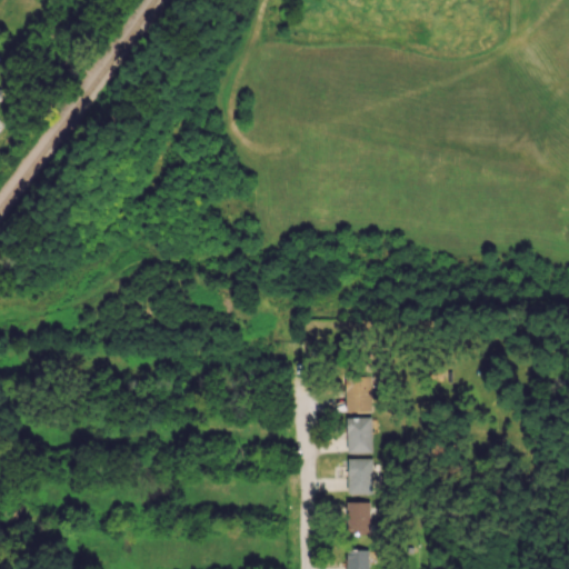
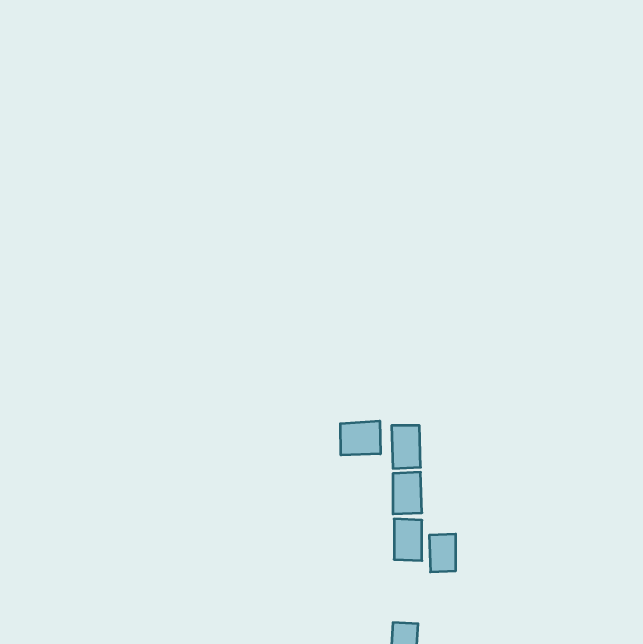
building: none -> [340,421,380,455]
building: [348,501,371,535] -> [429,534,456,572]

